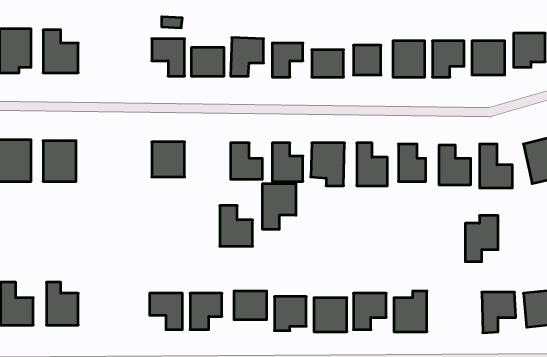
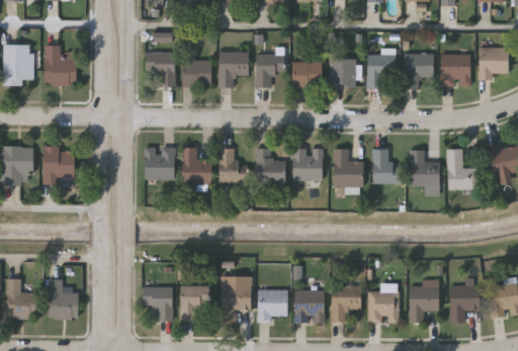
building: [263,184,296,229] -> none
building: [220,206,253,246] -> [181,148,211,185]
building: [465,216,498,262] -> [409,280,439,323]

